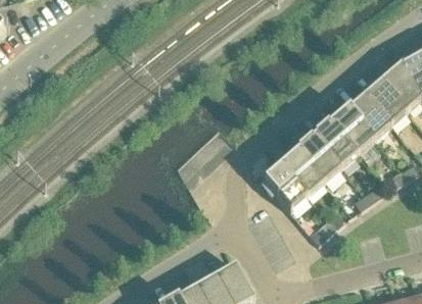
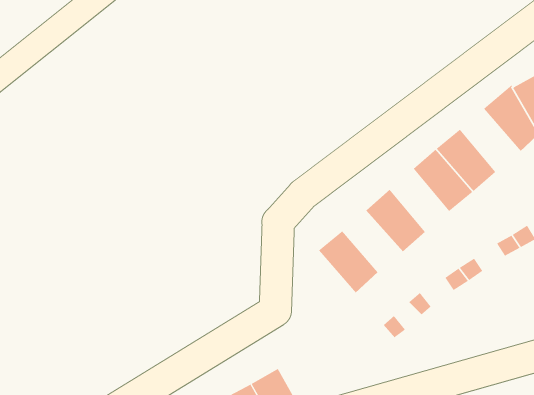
building: [365,81,408,125] -> none
building: [315,123,357,168] -> none
building: [281,153,324,197] -> none

